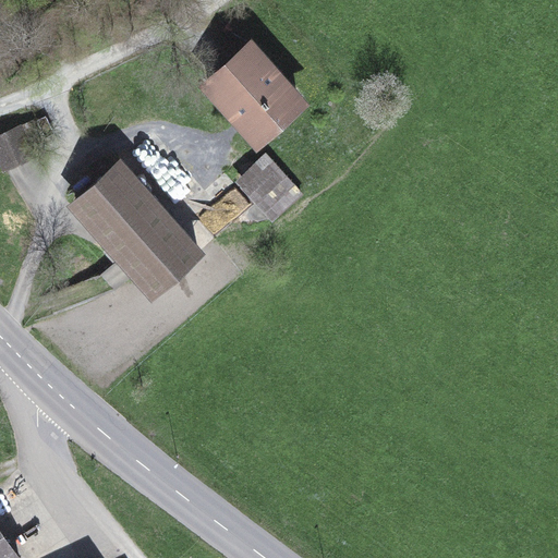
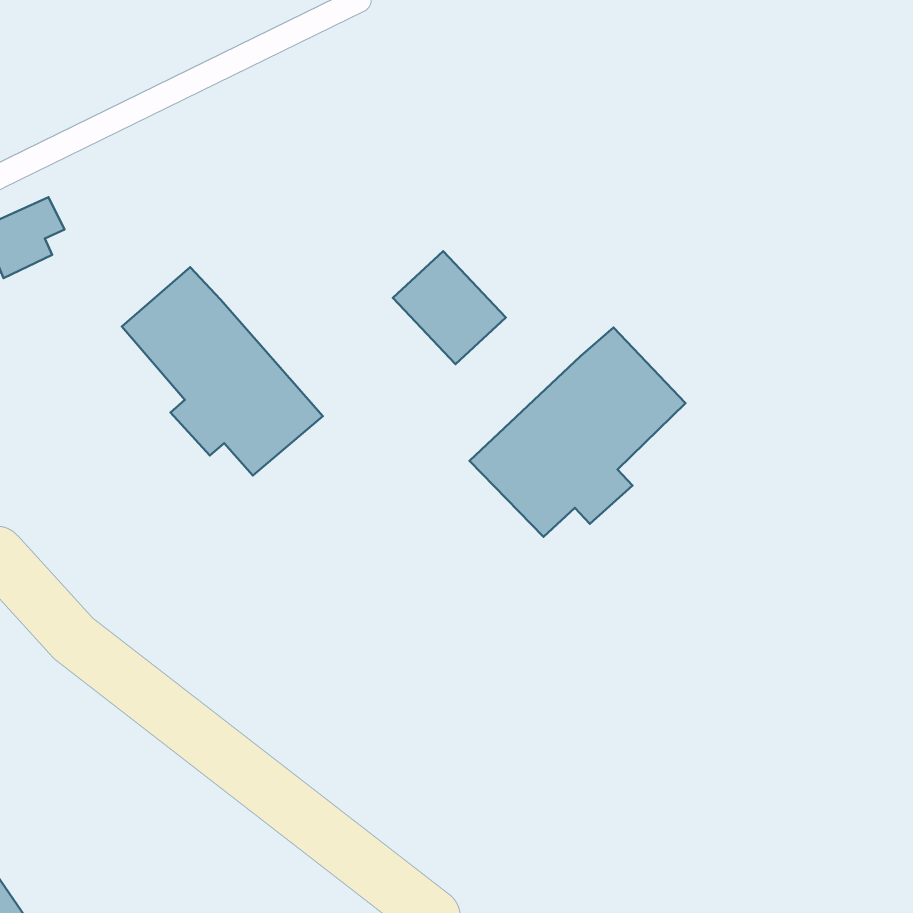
building: [206,47,296,138] -> none
building: none -> [470,328,685,537]

